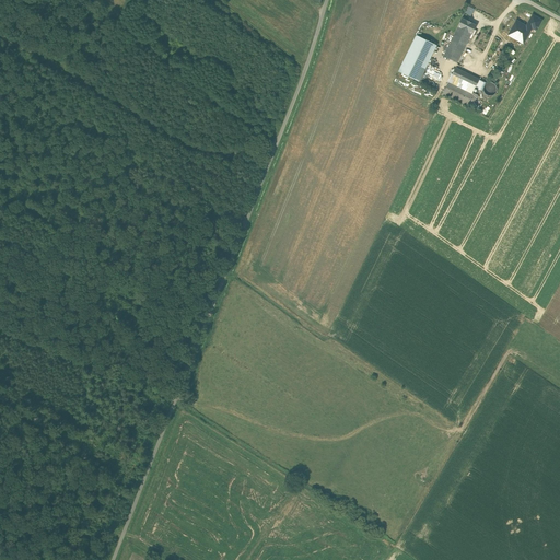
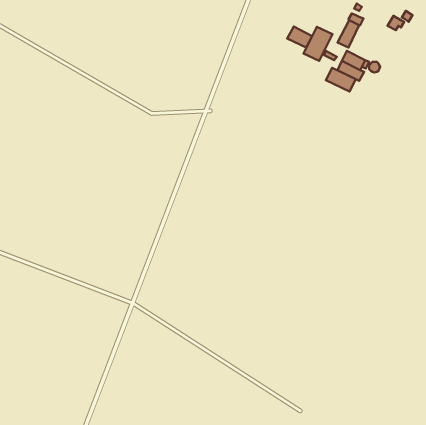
building: none -> [287,26,312,48]
building: none -> [326,68,356,92]

